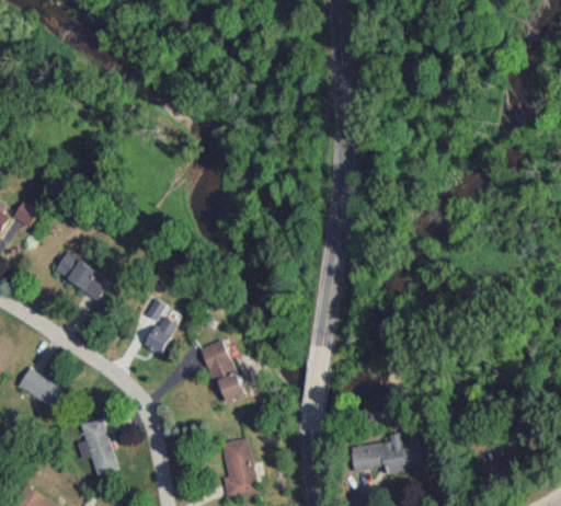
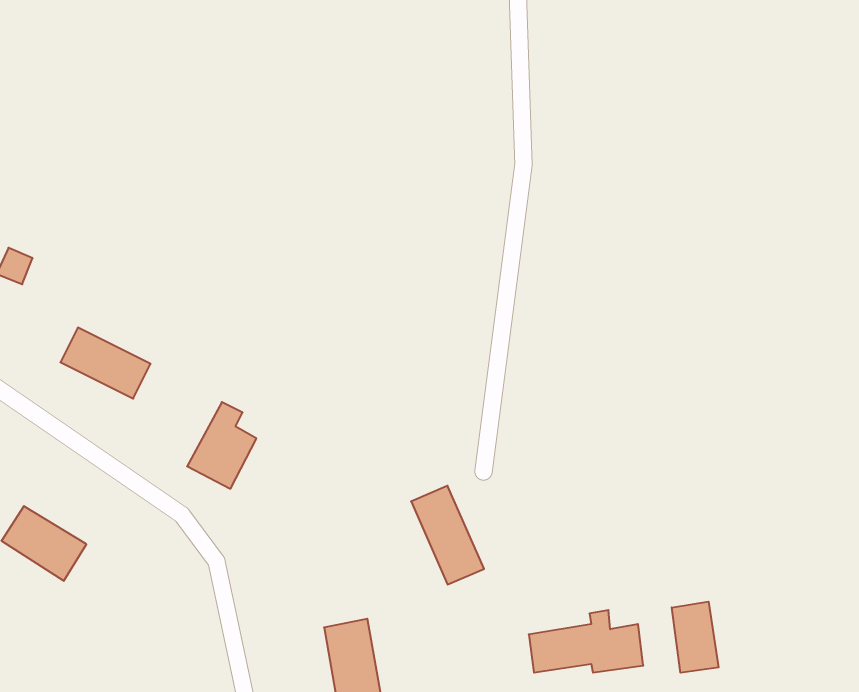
building: [199,340,245,402] -> [411,486,484,585]
building: [79,418,118,476] -> none
building: none -> [672,602,719,673]

